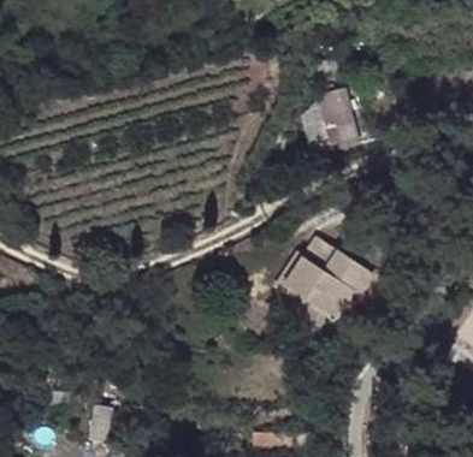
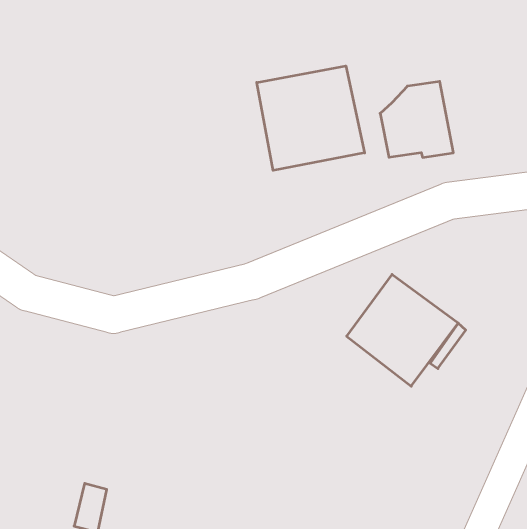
building: none -> [257,66,365,170]

